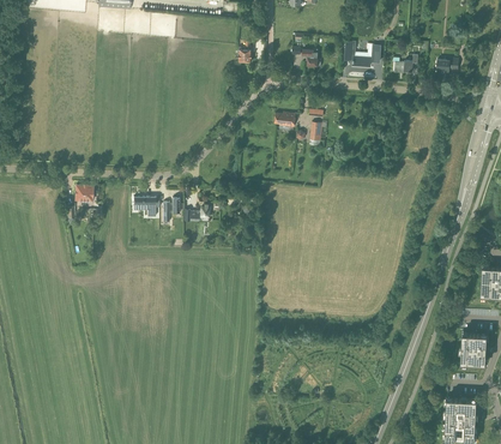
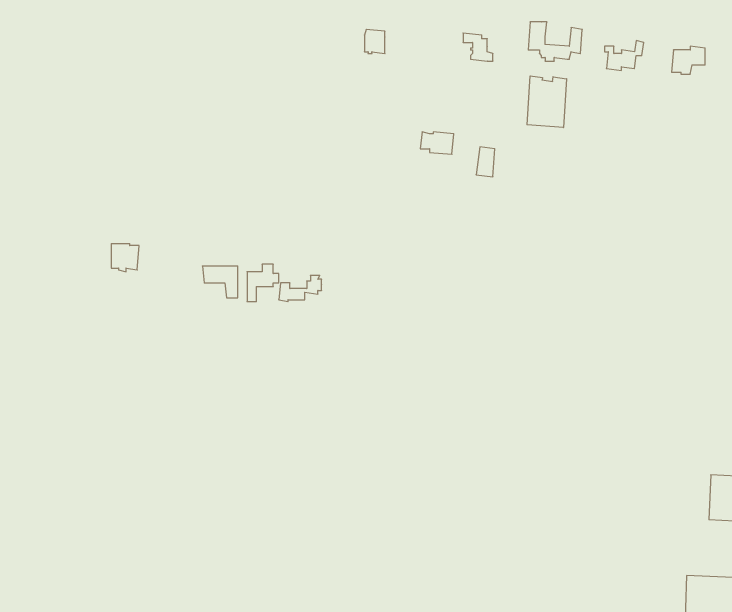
building: none -> [527,76,567,128]

